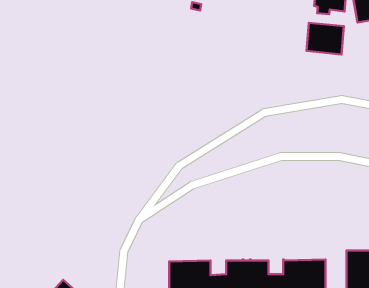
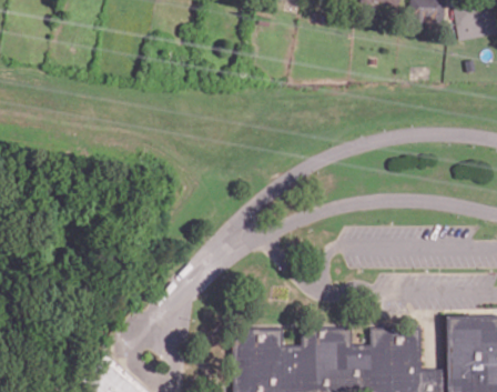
building: [306,23,344,54] -> none

